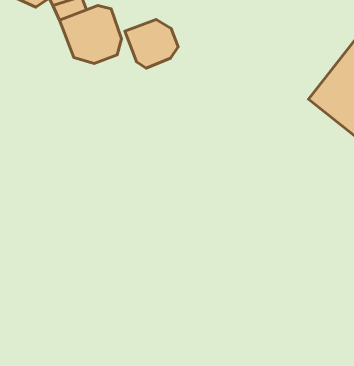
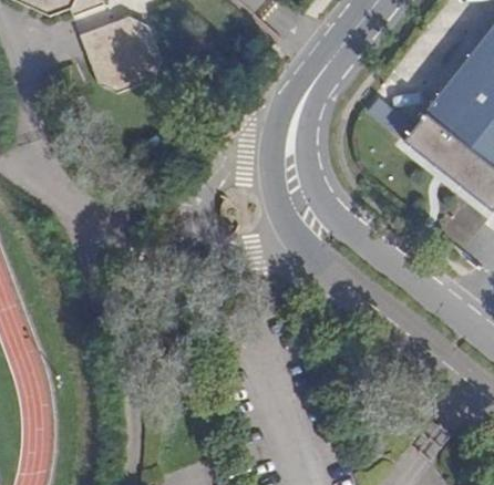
building: [125,19,178,68] -> none

